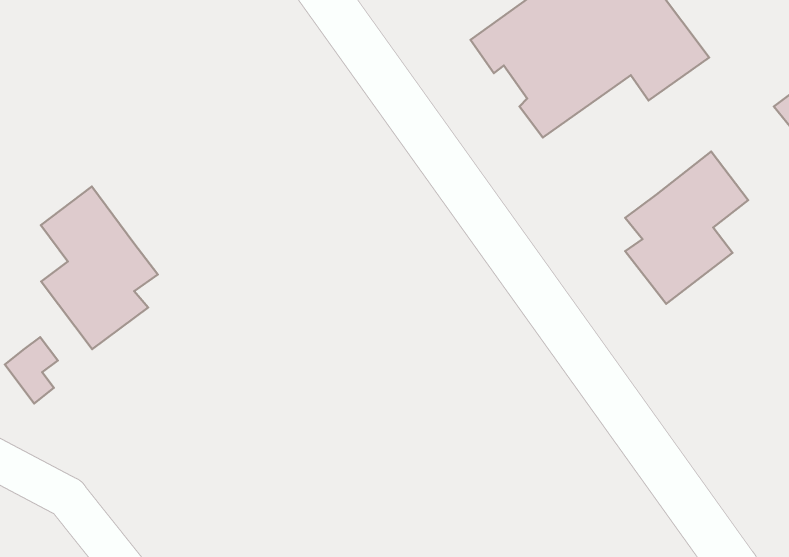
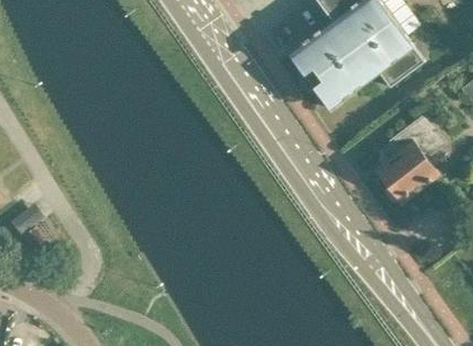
building: [41,186,158,349] -> none

